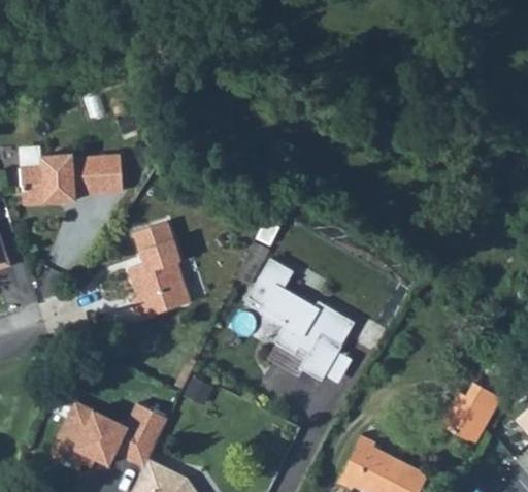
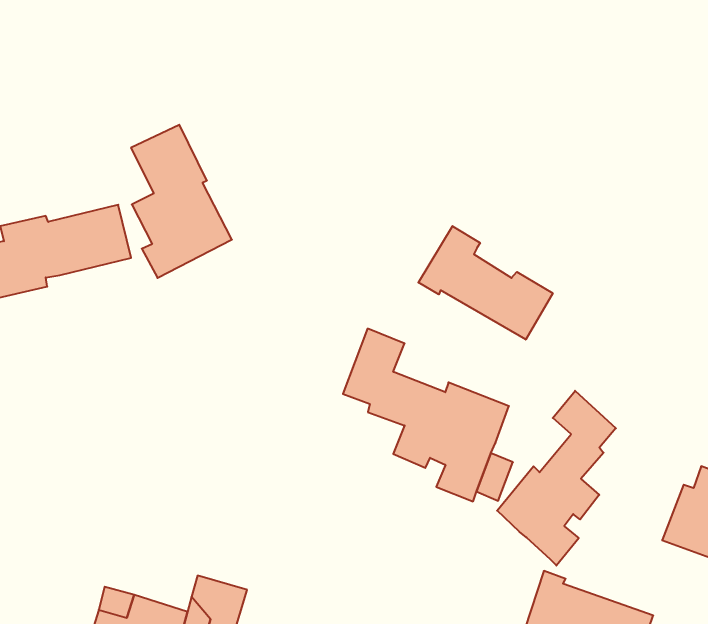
building: none -> [418,226,553,340]
building: [127,221,189,319] -> [131,125,232,278]
building: none -> [497,391,616,566]

